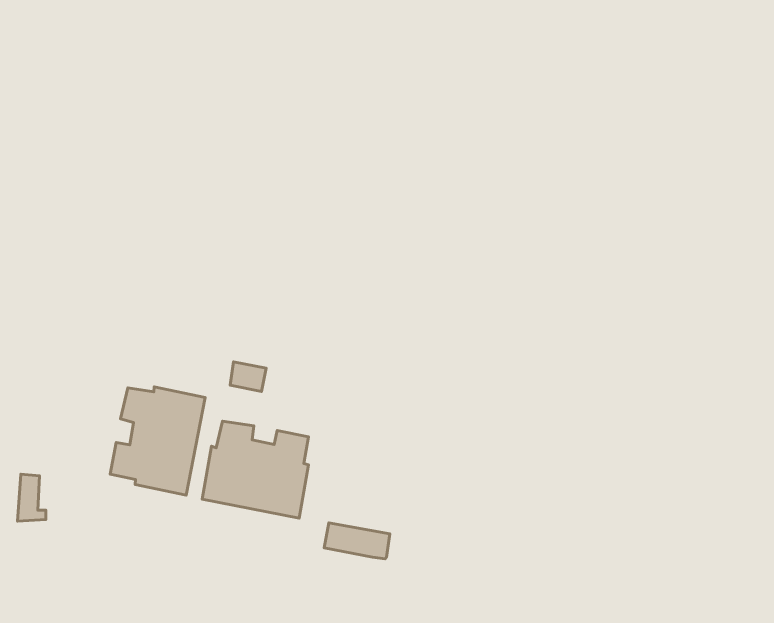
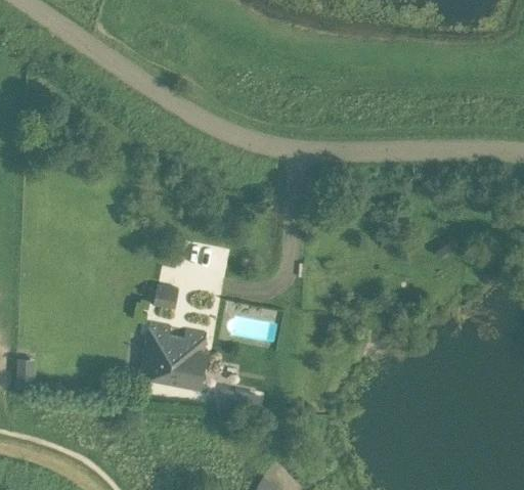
building: [110,387,205,495] -> none

